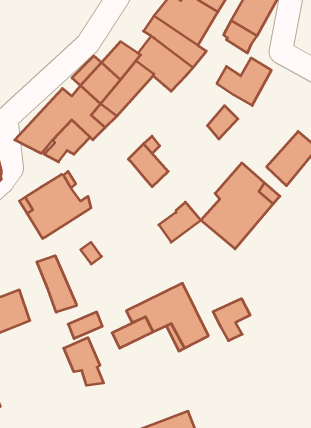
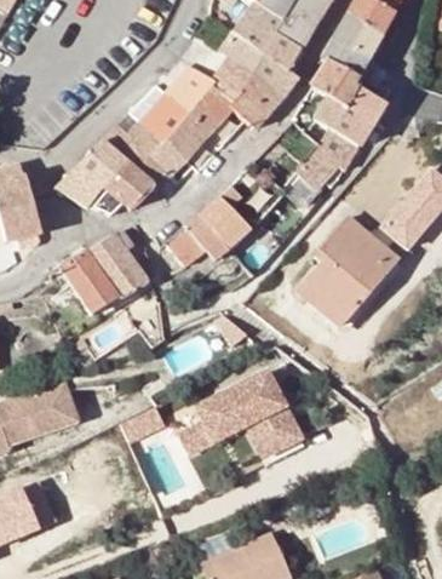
building: none -> [312,62,358,108]
building: [159,202,201,242] -> [171,216,224,266]
building: [37,256,76,312] -> none
building: [213,299,250,341] -> none
building: [64,338,104,385] -> none

